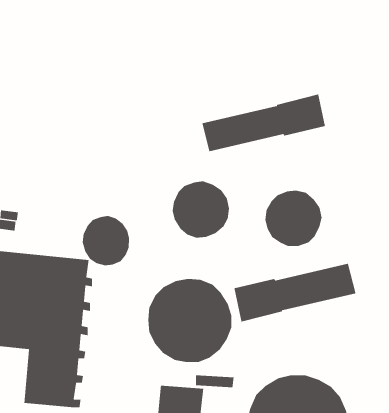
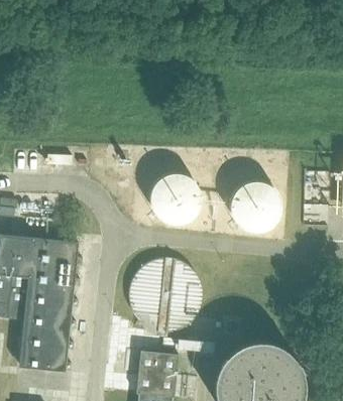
building: [201,94,326,152] -> none
building: [82,215,130,266] -> none
building: [233,263,357,323] -> none

